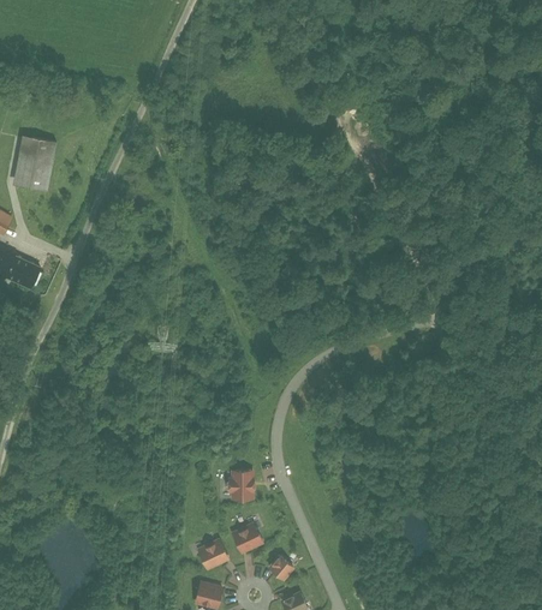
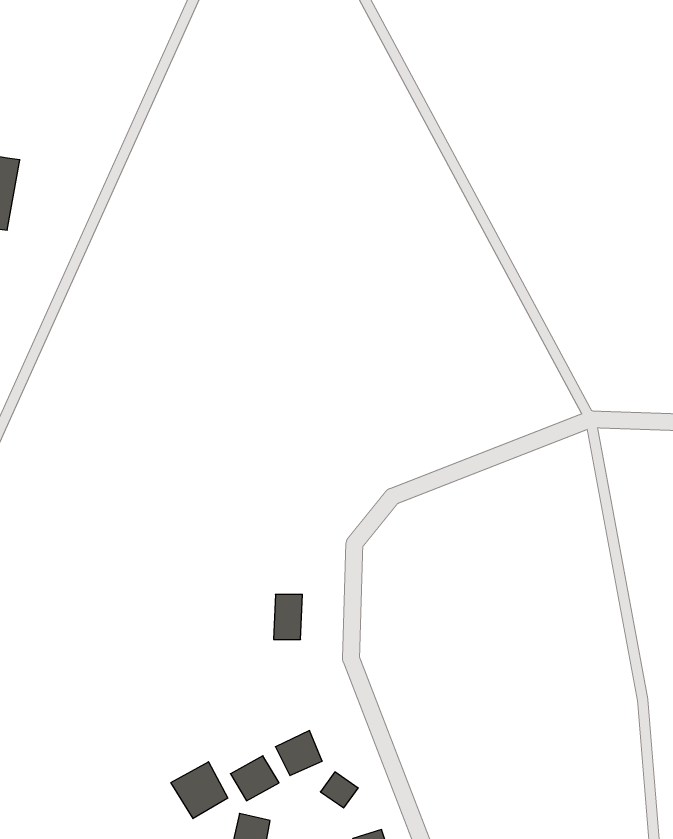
building: [228,477,248,507] -> [274,594,302,639]
building: none -> [171,762,228,819]

